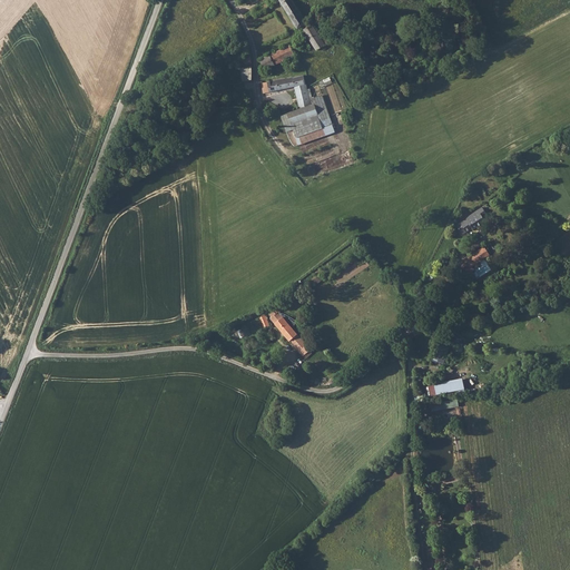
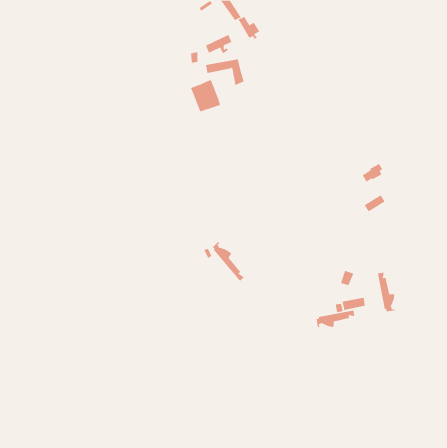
building: [286,104,325,145] -> [190,80,221,112]
building: none -> [378,272,395,312]
building: none -> [316,310,355,328]

